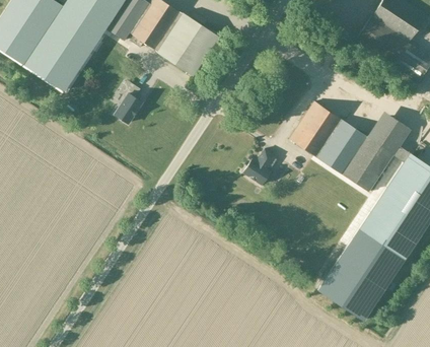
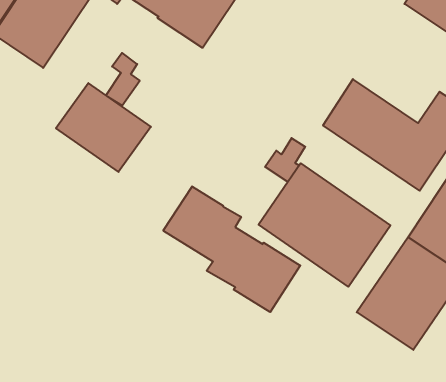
building: none -> [56,83,151,172]
building: none -> [259,163,390,287]
building: none -> [163,186,300,312]

